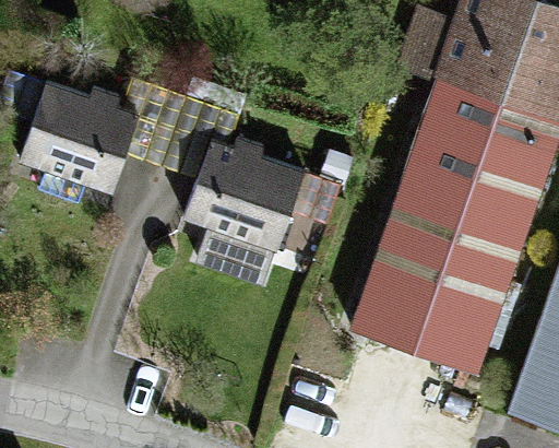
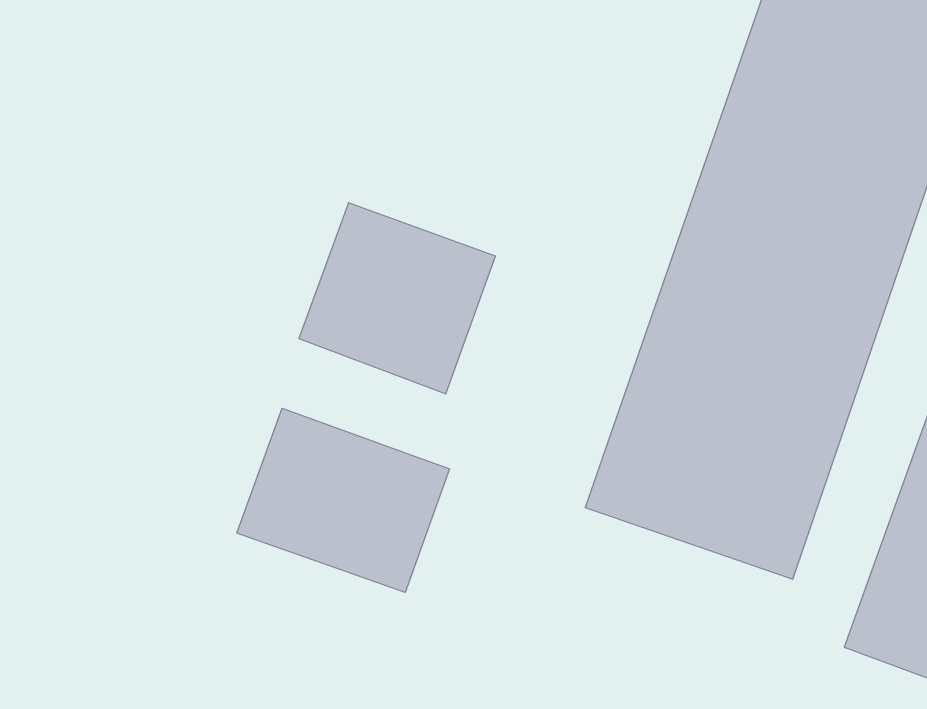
building: [20,90,133,193] -> none
building: none -> [237,408,450,592]

